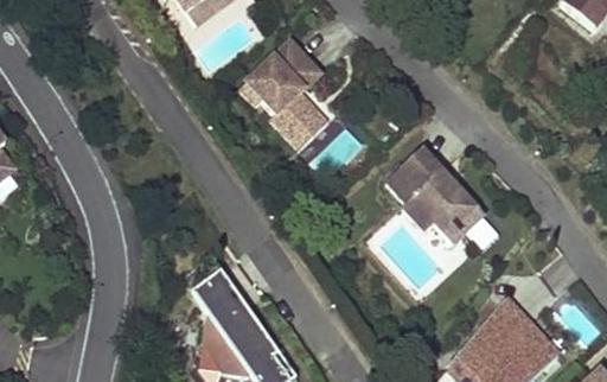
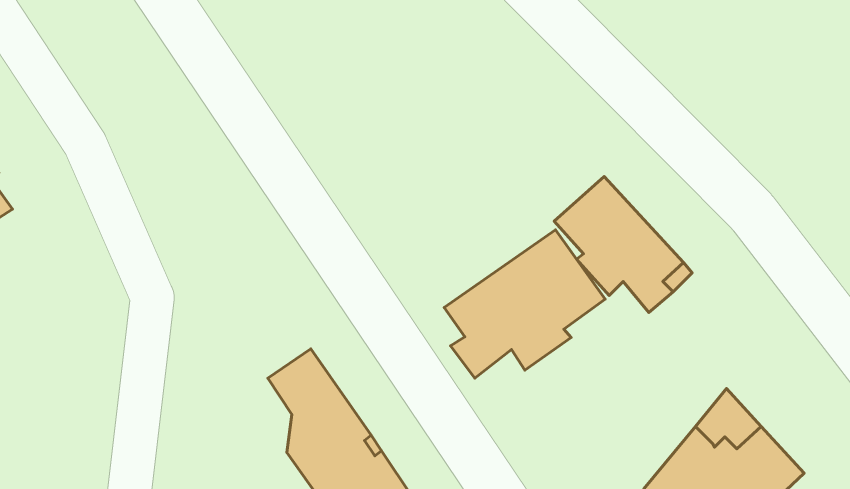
building: [243,39,328,146] -> none
building: none -> [444,230,605,378]

